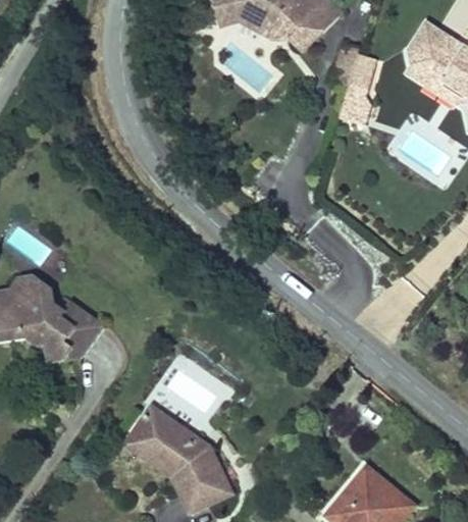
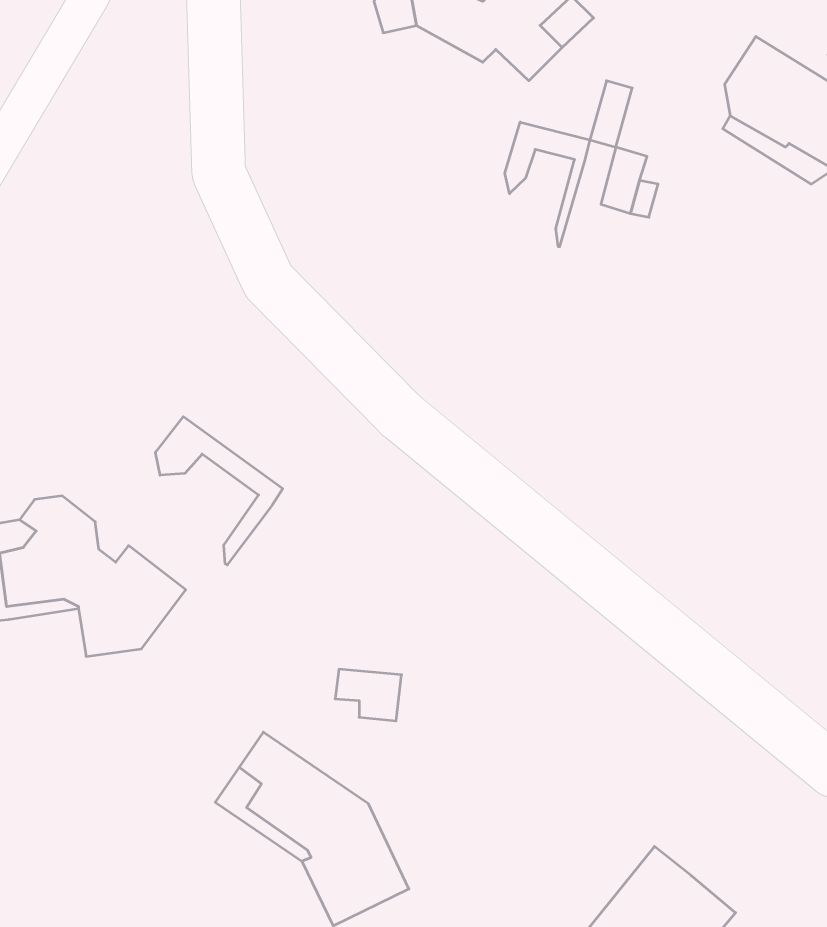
building: none -> [505,122,590,247]
building: none -> [155,417,283,565]

